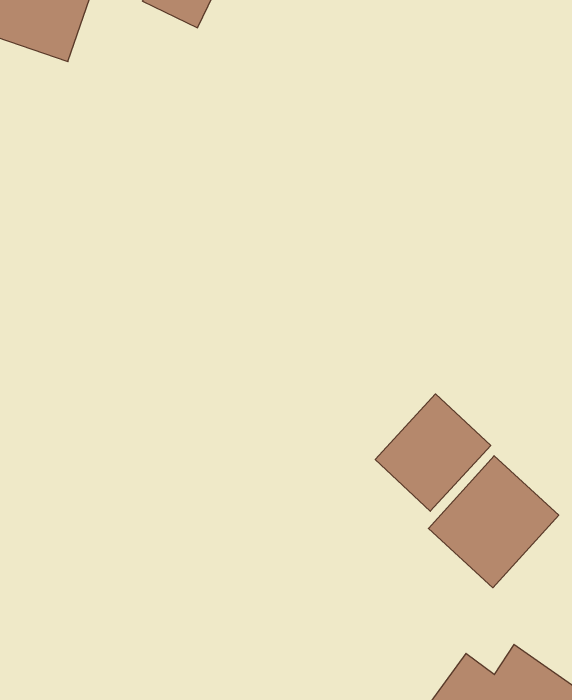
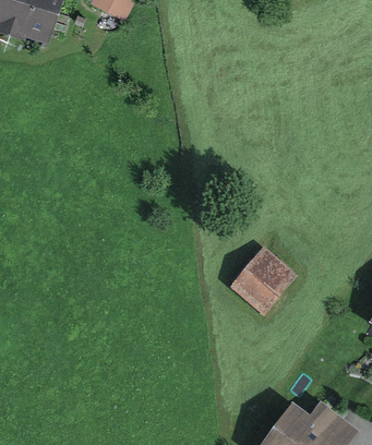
building: [428,456,559,588] -> none

